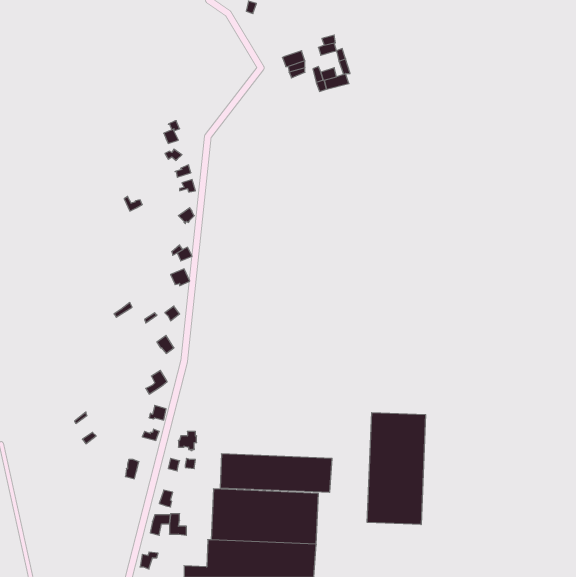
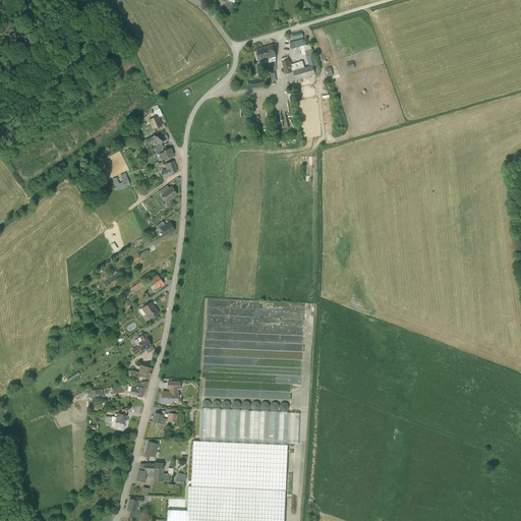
building: [367,413,426,525] -> none

